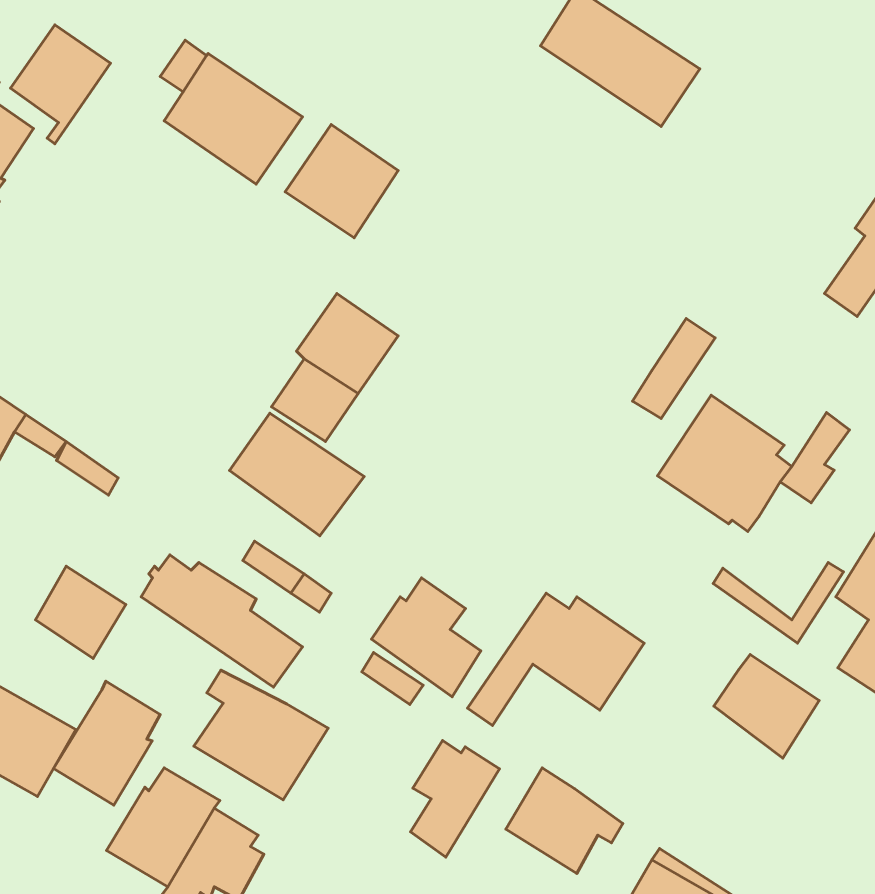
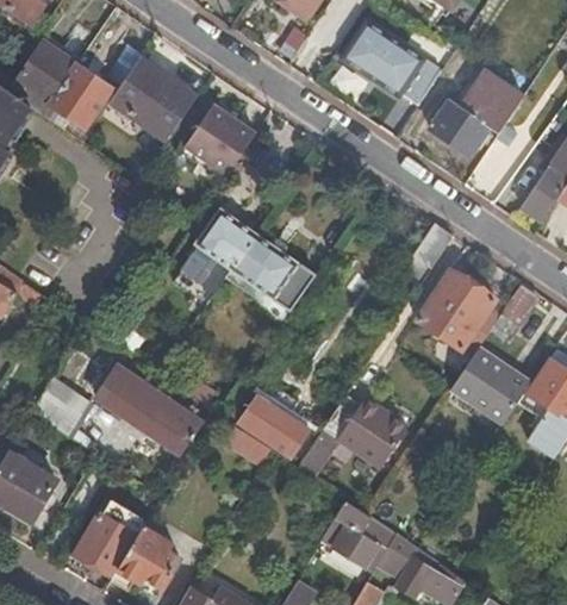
building: none -> [43,66,112,129]
building: none -> [429,71,523,156]
building: [230,413,364,536] -> [231,235,314,311]
building: [714,654,819,758] -> [457,347,523,411]
building: [194,670,328,800] -> none
building: [53,681,160,805] -> none
building: [410,741,500,857] -> none

